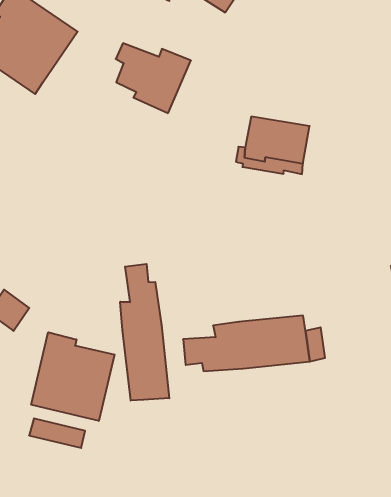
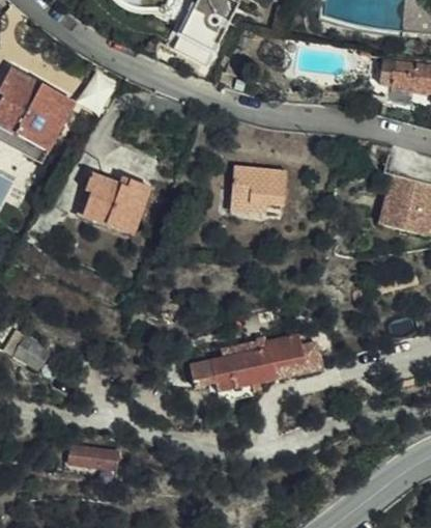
building: [116,43,191,113] -> [82,173,149,232]
building: [120,264,169,401] -> none
building: [31,332,115,421] -> none

